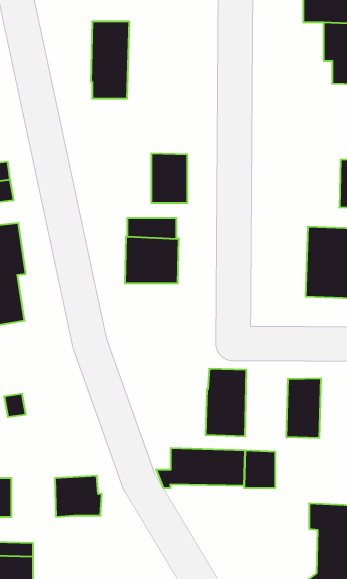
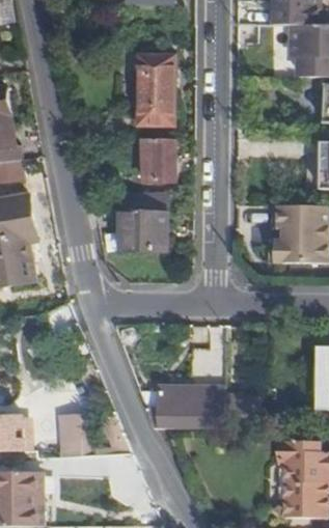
building: [91,22,129,99] -> [140,58,173,124]
building: [287,378,321,438] -> none

